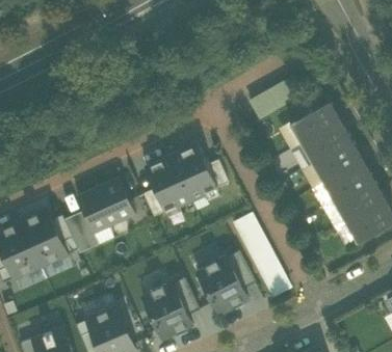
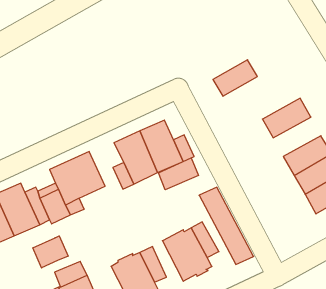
building: [290,101,341,143] -> none
building: [313,141,363,183] -> none
building: none -> [158,158,199,190]
building: none -> [33,236,68,268]

